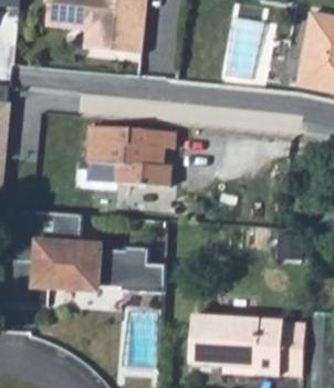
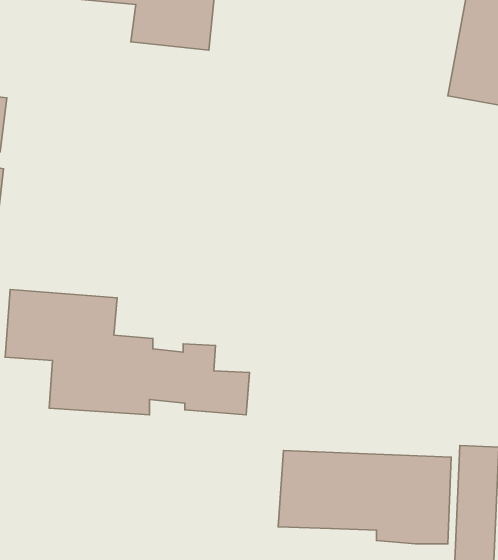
building: [90,125,175,187] -> none

